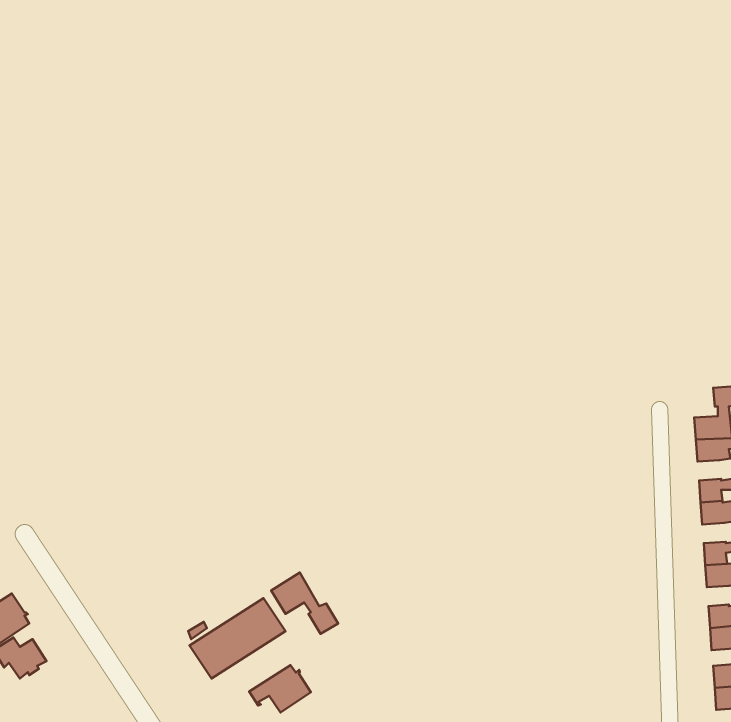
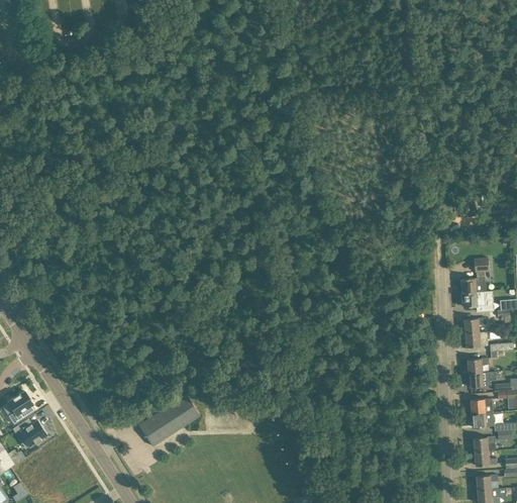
building: [271,572,338,634] -> none
building: [249,665,311,712] -> none

